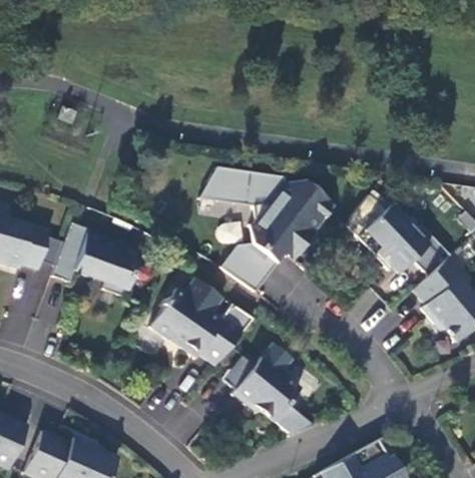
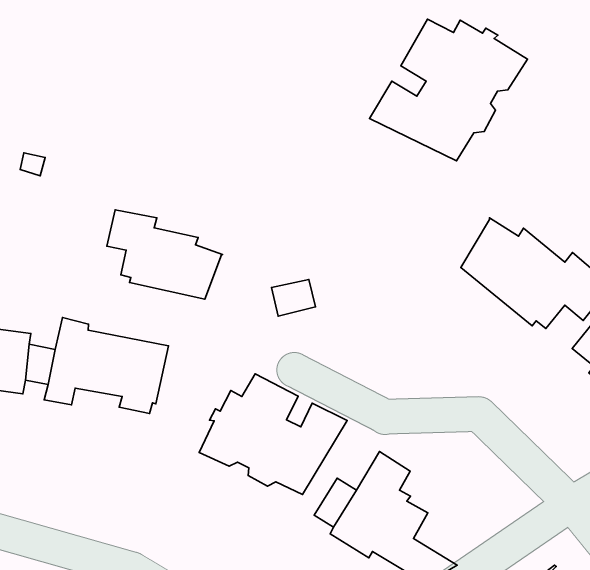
building: none -> [370,19,527,161]
building: none -> [107,210,222,299]
building: [199,166,335,292] -> none

